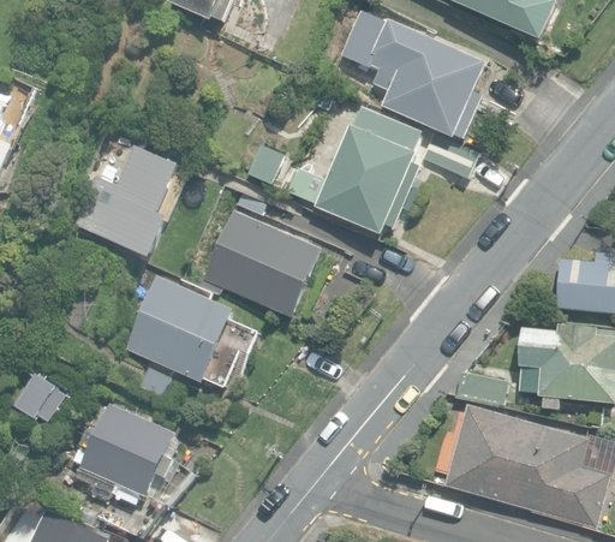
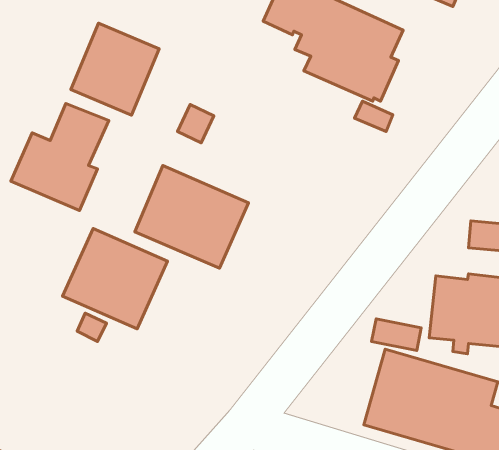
building: none -> [71,23,159,115]
building: [289,103,420,233] -> none
building: [68,403,179,494] -> none

